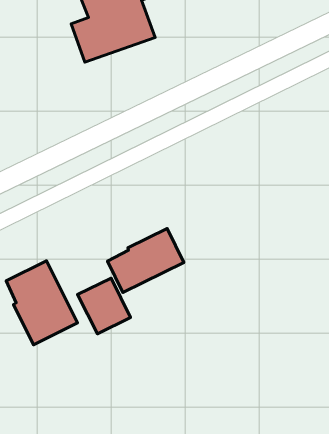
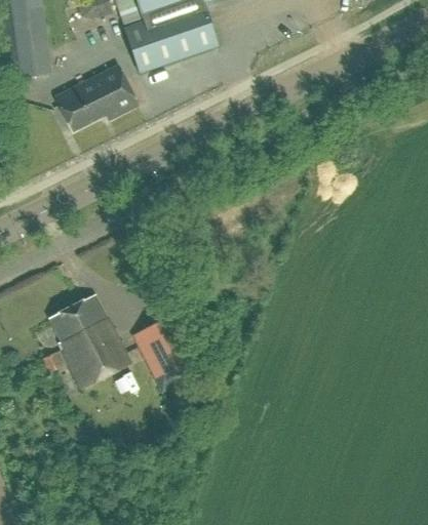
building: none -> [54,67,135,130]
building: [108,228,184,292] -> none

